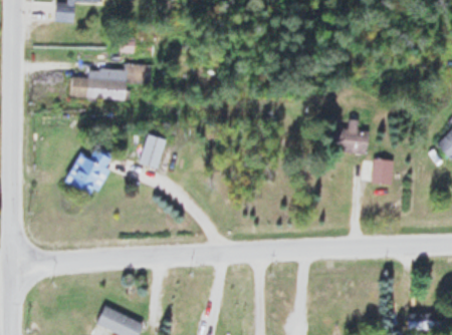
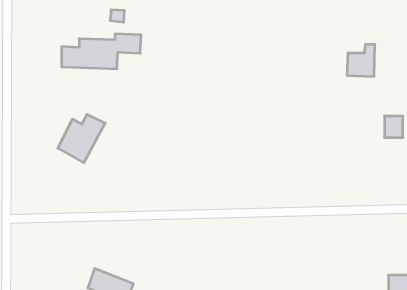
building: [329,119,359,152] -> [347,44,375,76]
building: [139,133,166,169] -> none
building: [373,160,392,183] -> [384,116,403,137]

